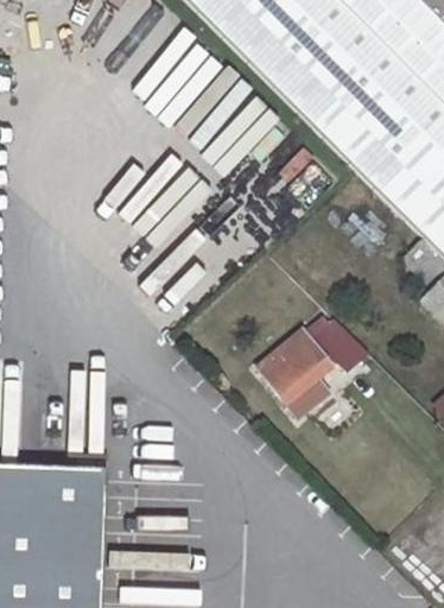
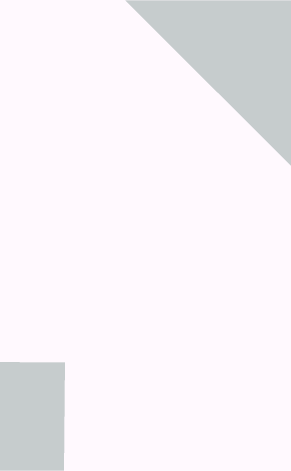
building: [261,318,373,417] -> none

